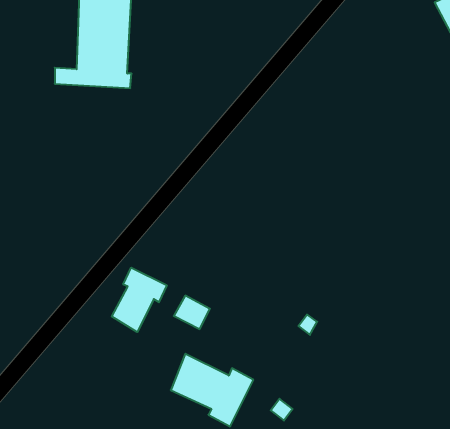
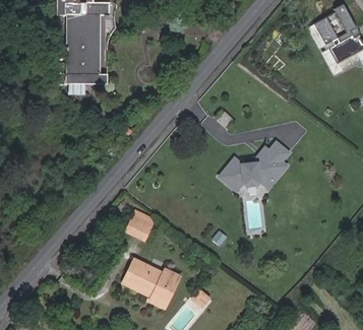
building: none -> [217,139,286,188]
building: [112,268,167,332] -> none

